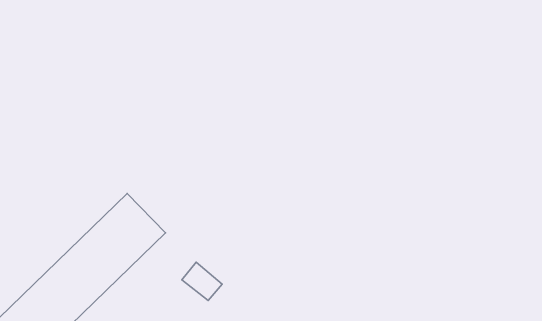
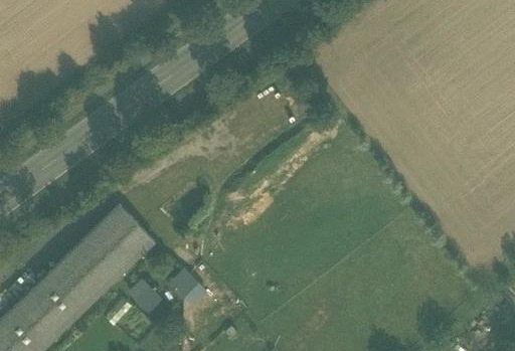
building: none -> [126,280,159,313]

